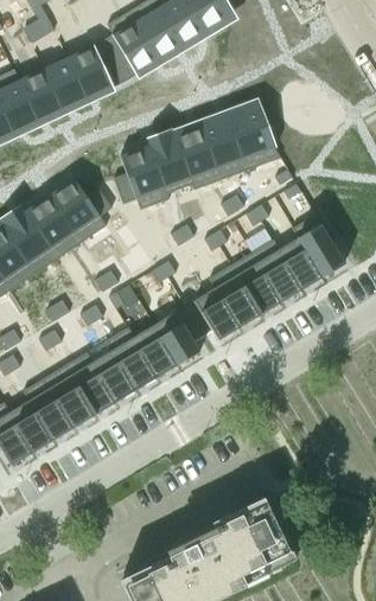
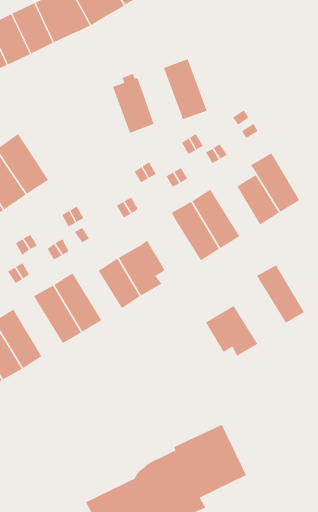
building: [227,107,280,172] -> none
building: [172,127,221,192] -> none
building: [111,147,167,212] -> none
building: [49,179,110,244] -> none
building: [250,242,301,303] -> [256,265,305,324]
building: [184,279,240,343] -> [205,295,258,356]
building: [106,330,157,391] -> none
building: [44,366,95,429] -> none

